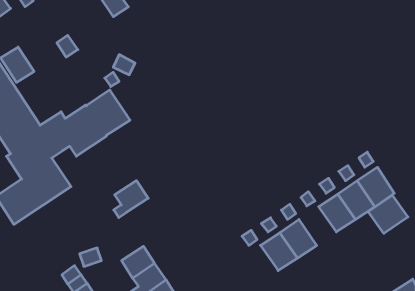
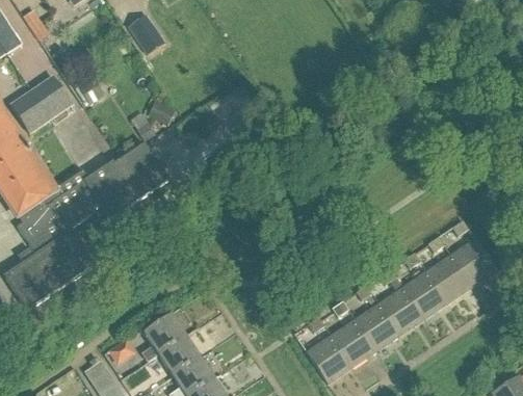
building: none -> [30,74,72,120]
building: [114,181,148,218] -> [142,314,185,360]
building: [368,195,408,233] -> none
building: none -> [377,287,423,335]
building: none -> [306,335,351,382]

